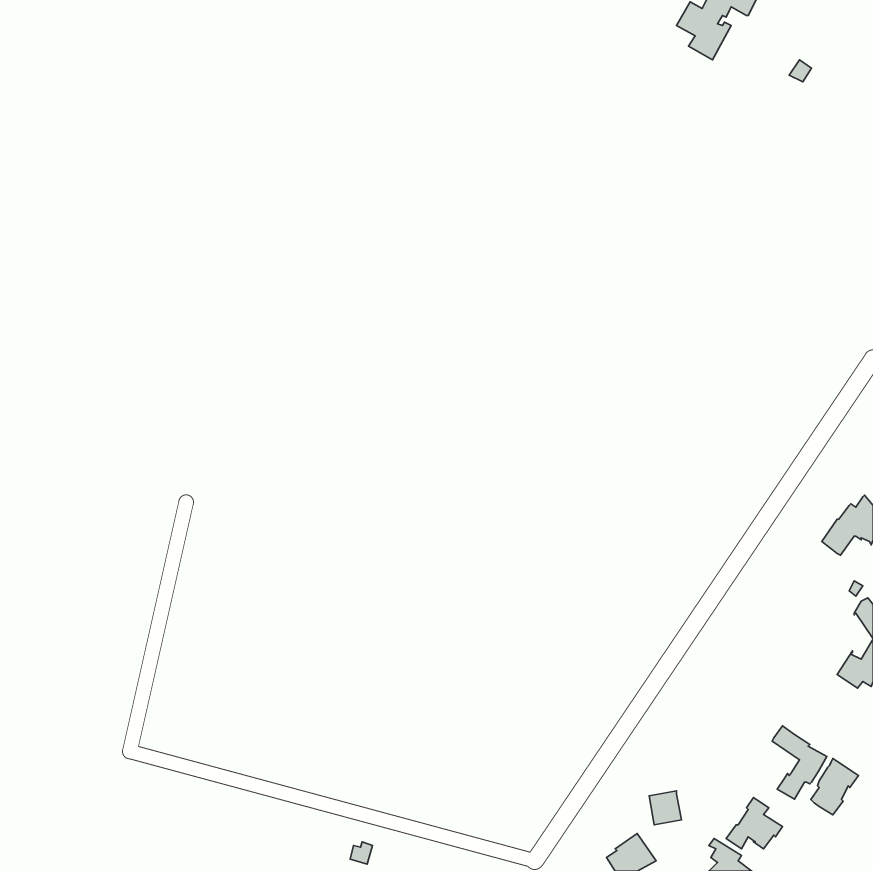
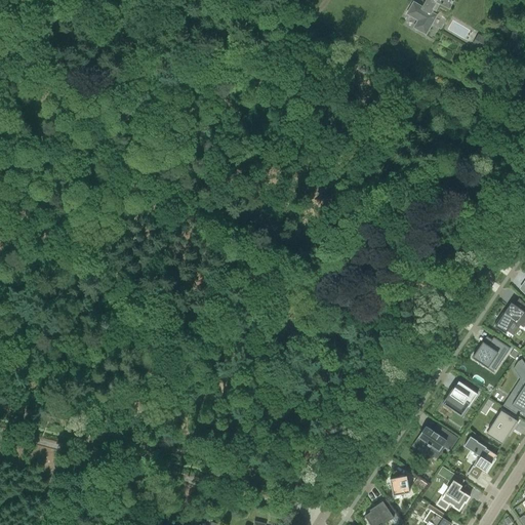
building: none -> [472,336,510,368]
building: none -> [442,380,477,415]
building: none -> [411,426,457,453]
building: [811,759,859,815] -> [488,410,517,444]

